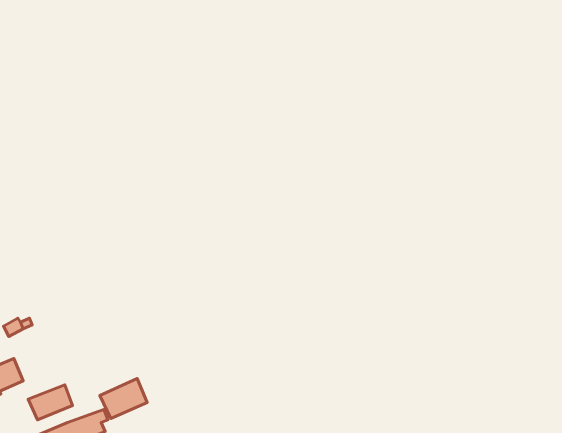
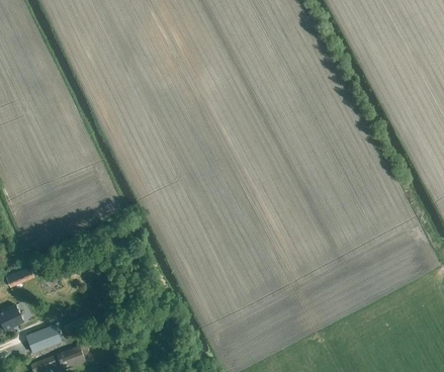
building: [100,378,147,419] -> none

